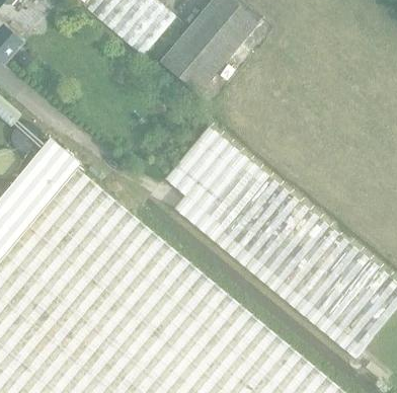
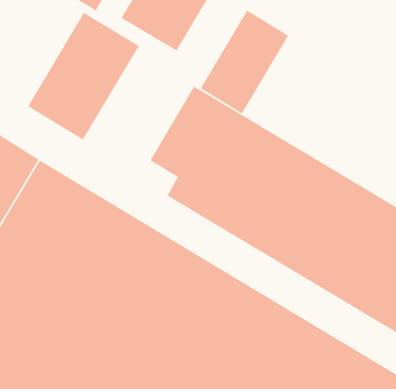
building: none -> [27,12,140,141]
building: none -> [200,10,289,114]

